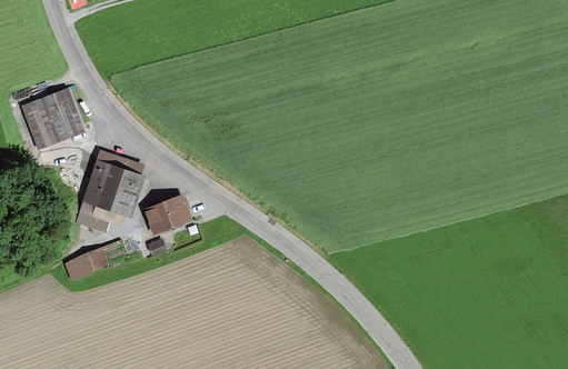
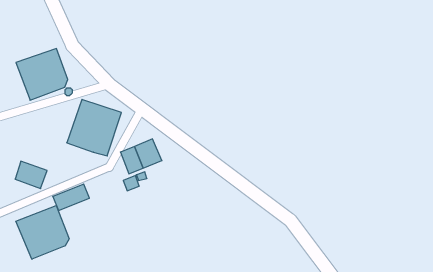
building: [74,200,112,232] -> [15,161,47,189]
building: none -> [16,205,69,259]

